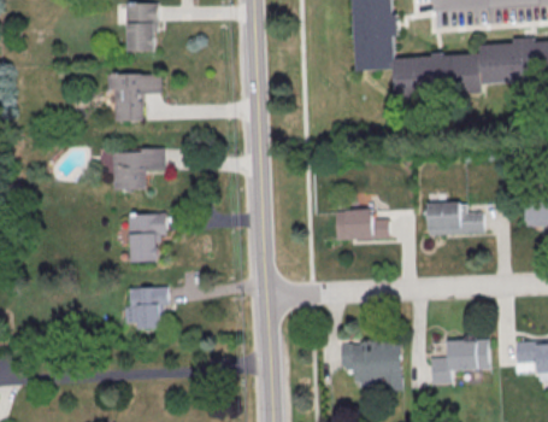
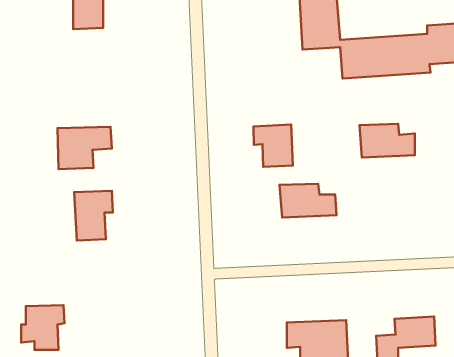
building: [108,74,163,122] -> none
building: none -> [253,125,293,167]
building: [426,201,482,235] -> [359,124,415,158]
building: [126,287,170,332] -> [21,305,65,350]

